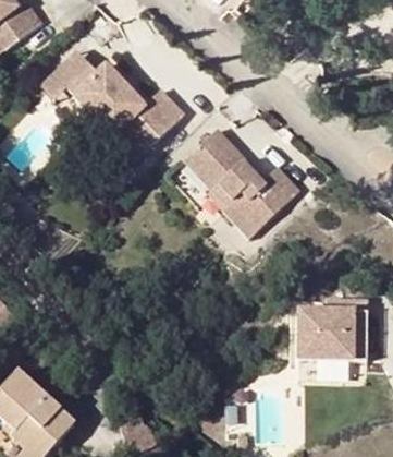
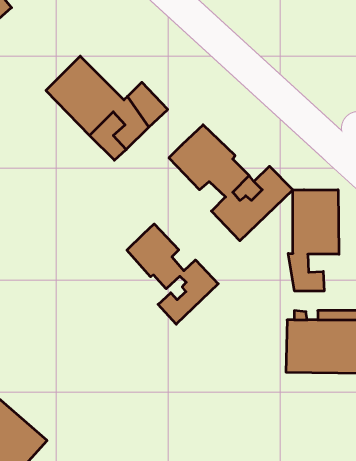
building: [41,52,97,99] -> none
building: none -> [288,190,339,291]
building: none -> [127,224,218,324]

